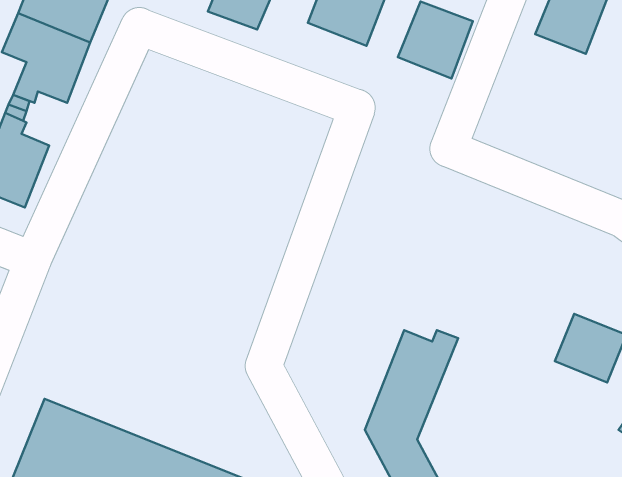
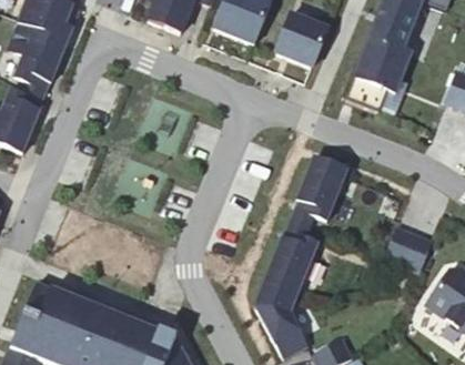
building: none -> [345,34,412,110]
building: none -> [296,154,346,217]

